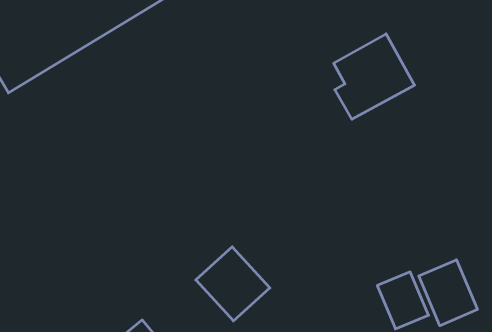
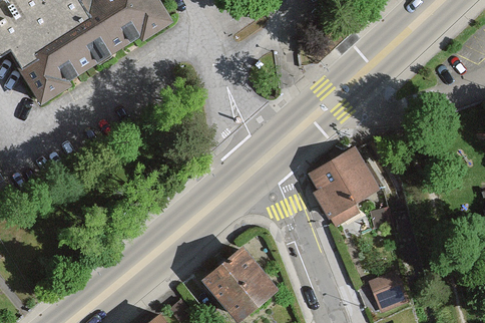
building: [334,34,415,119] -> [308,148,379,224]
building: [419,260,477,326] -> none

